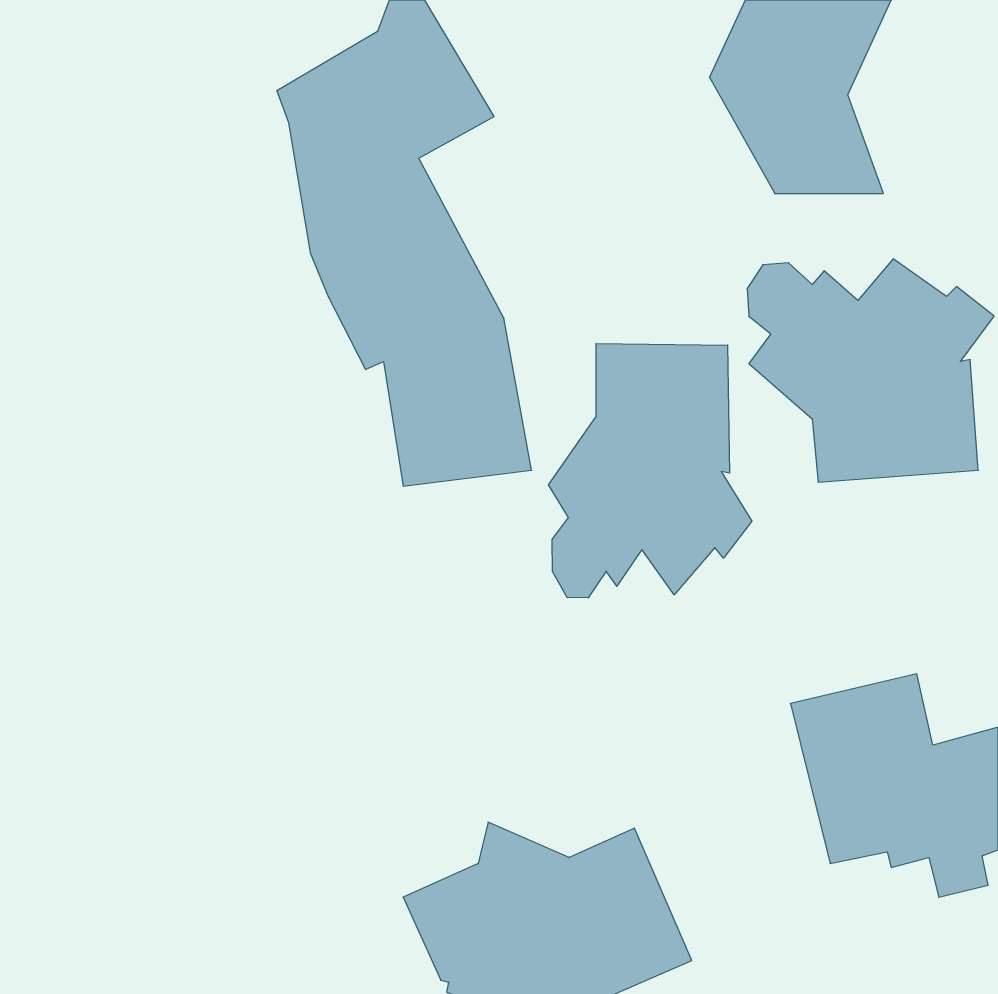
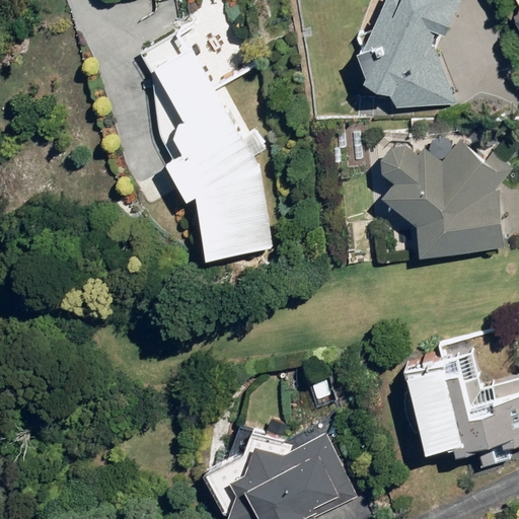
building: [549,343,752,598] -> none

